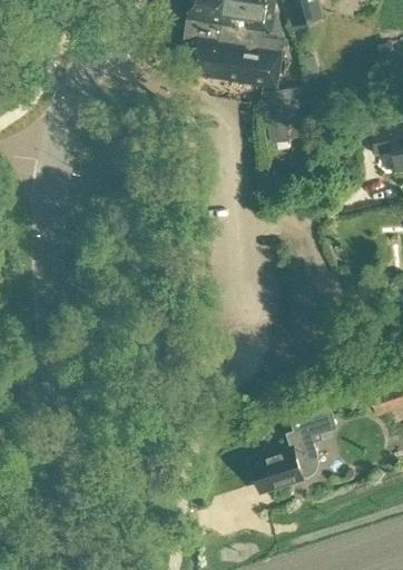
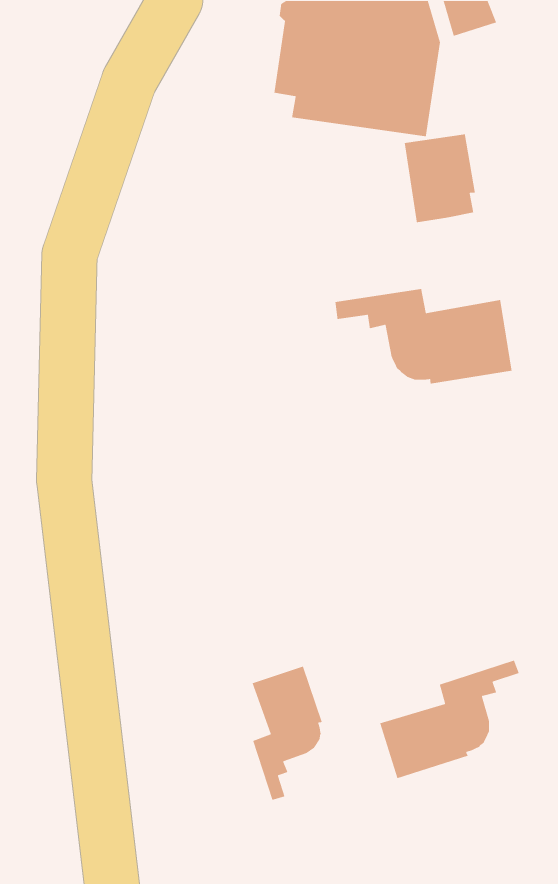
building: none -> [335,288,513,385]
building: none -> [251,665,323,801]

